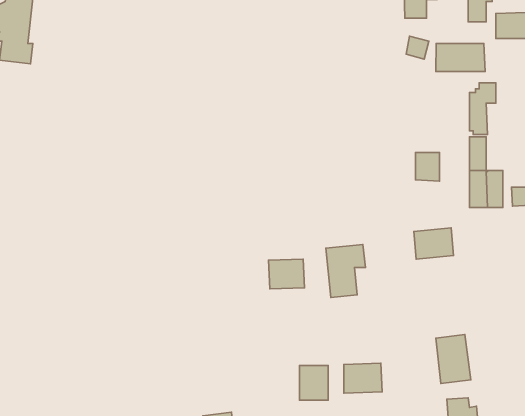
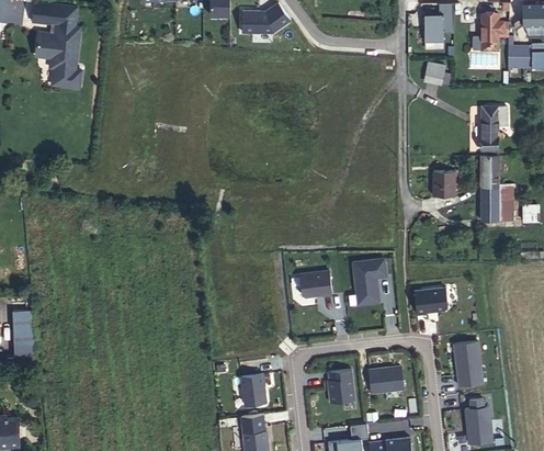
building: [436,43,485,71] -> none
building: [414,228,453,259] -> [411,286,447,315]
building: none -> [239,372,265,403]

